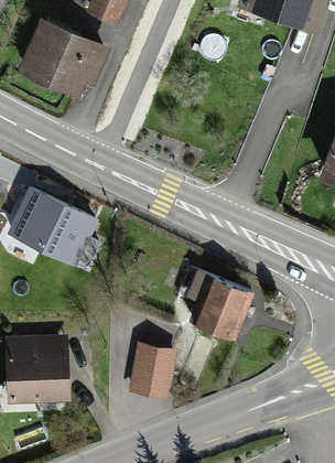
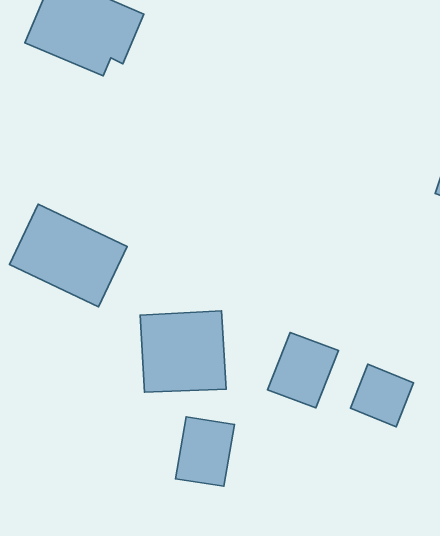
building: none -> [351,364,414,427]
building: [7,335,69,395] -> [140,311,226,392]

